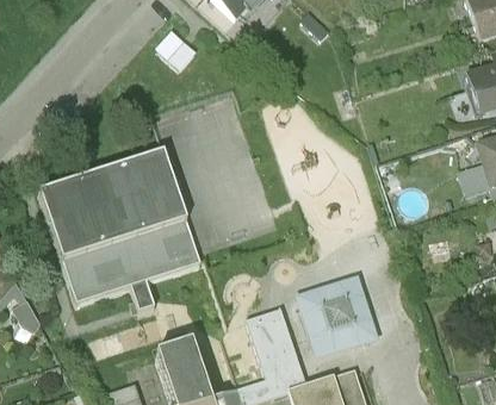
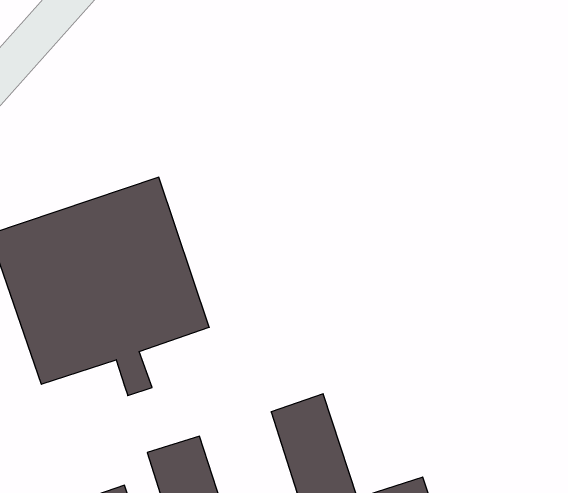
building: [294,274,378,359] -> none

